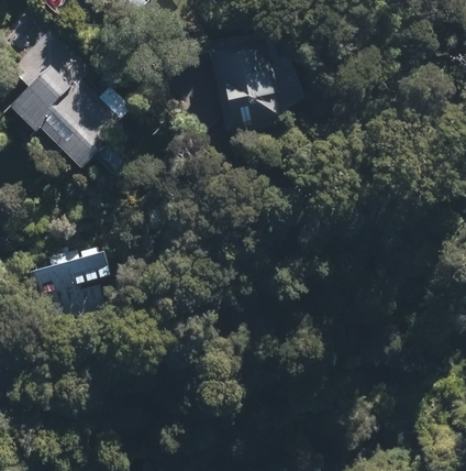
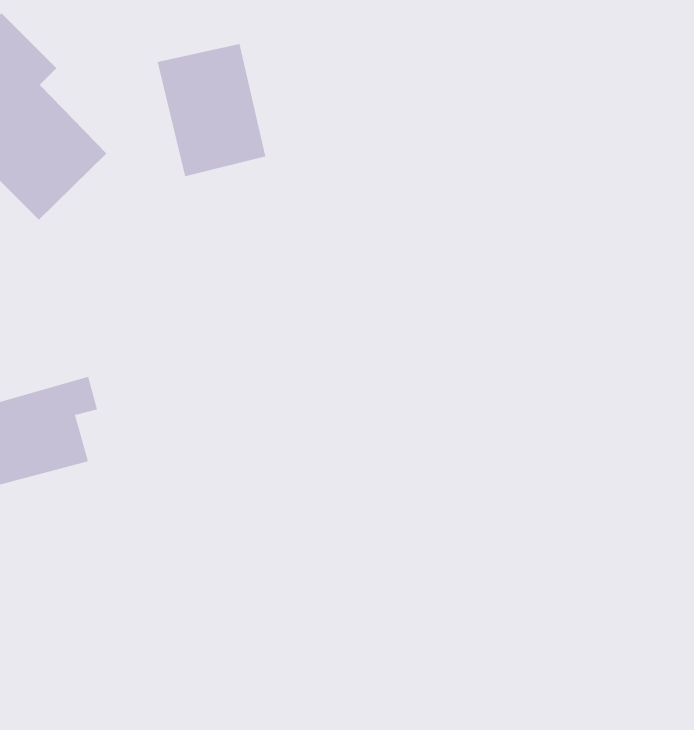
building: [212,47,277,127] -> [157,43,266,177]

